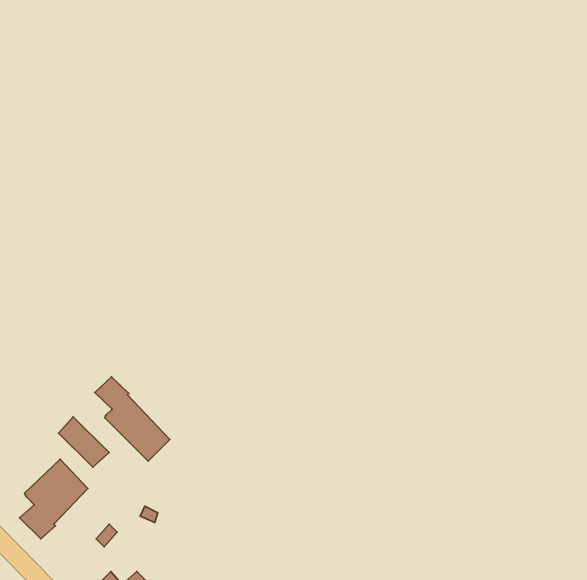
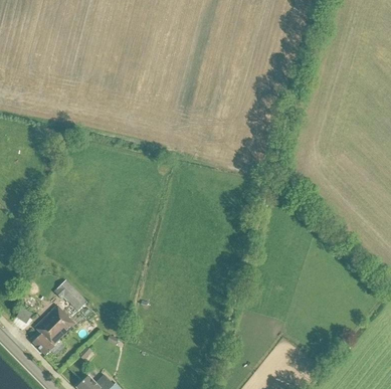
building: [95,377,170,461] -> none

